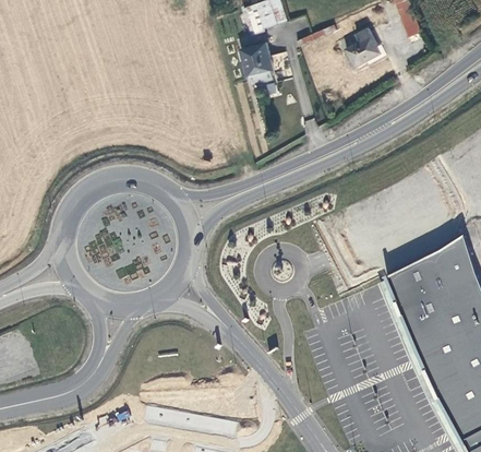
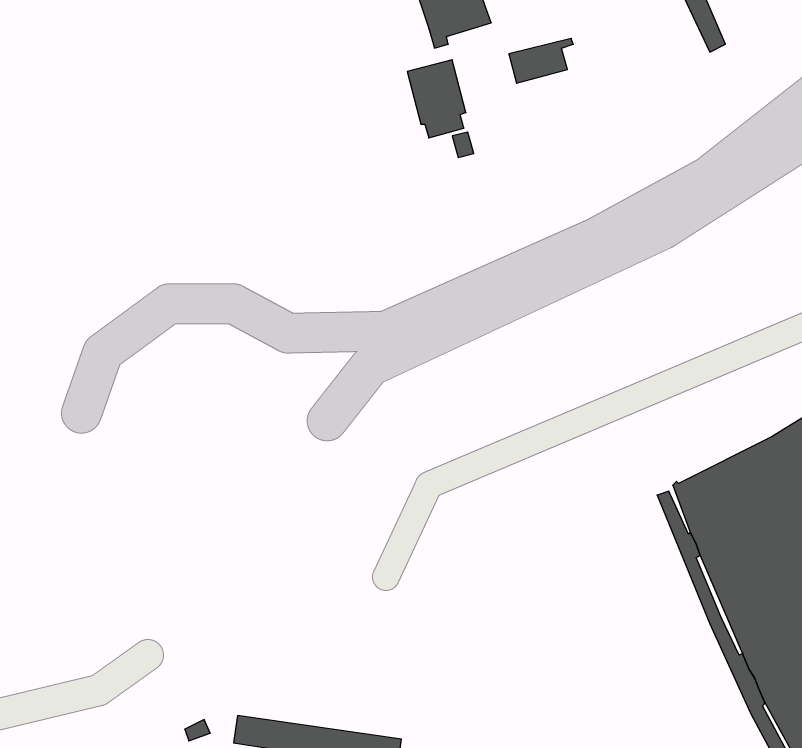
building: [345,26,380,61] -> none

